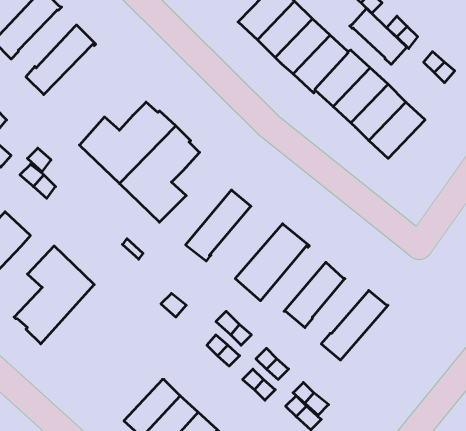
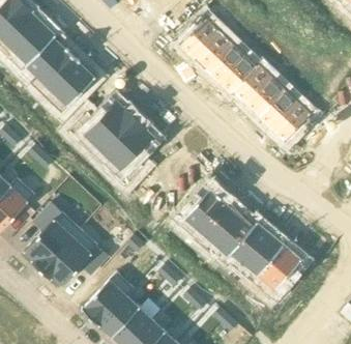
building: [350,9,407,64] -> none
building: none -> [27,36,66,77]
building: none -> [45,60,96,112]
building: [186,190,251,261] -> [196,201,241,251]
building: none -> [232,220,271,262]
building: none -> [42,228,109,286]
building: none -> [252,242,302,296]
building: none -> [82,270,135,324]

